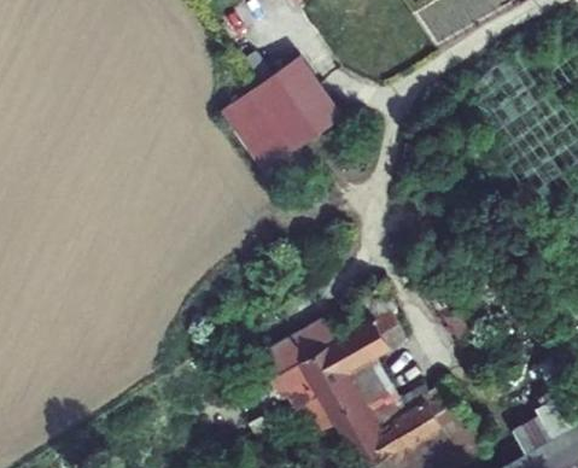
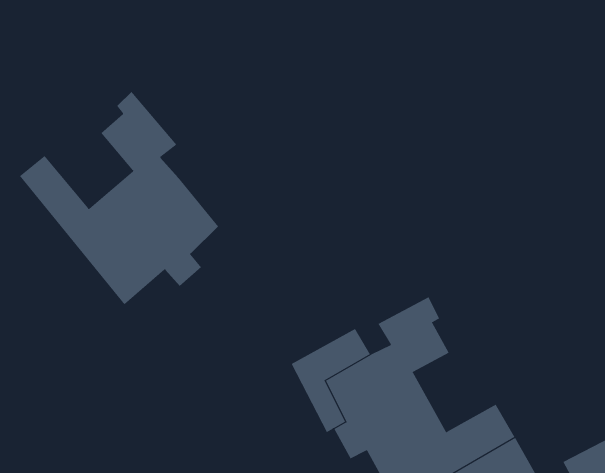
building: [216,63,334,197] -> none
building: none -> [19,91,219,305]

